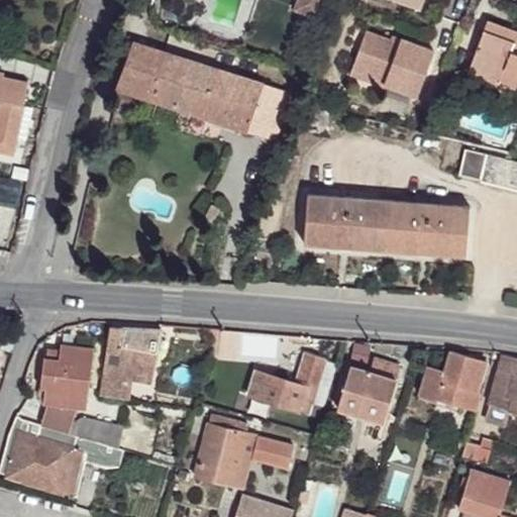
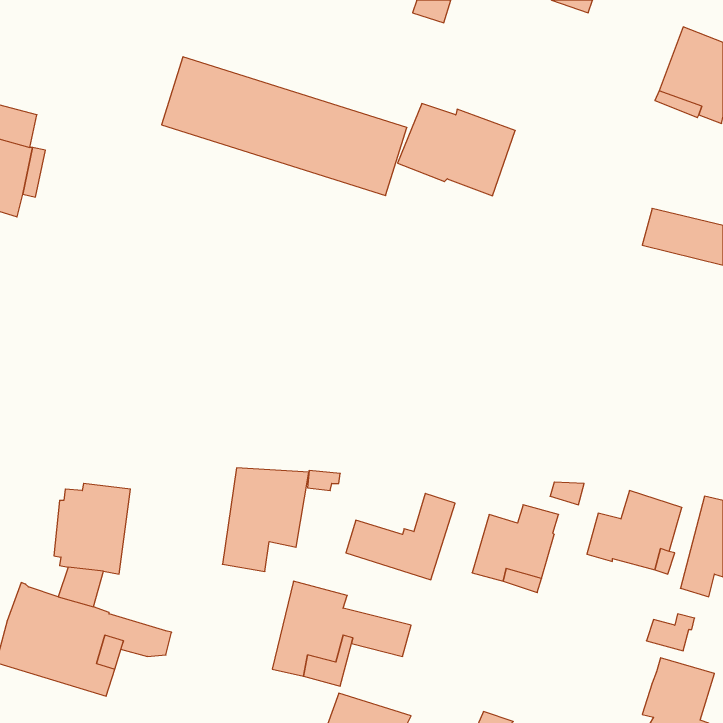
building: [348,31,432,97] -> [398,104,515,196]
building: [303,195,469,255] -> none
building: [99,327,161,401] -> [222,468,309,571]
building: [67,417,123,450] -> none

